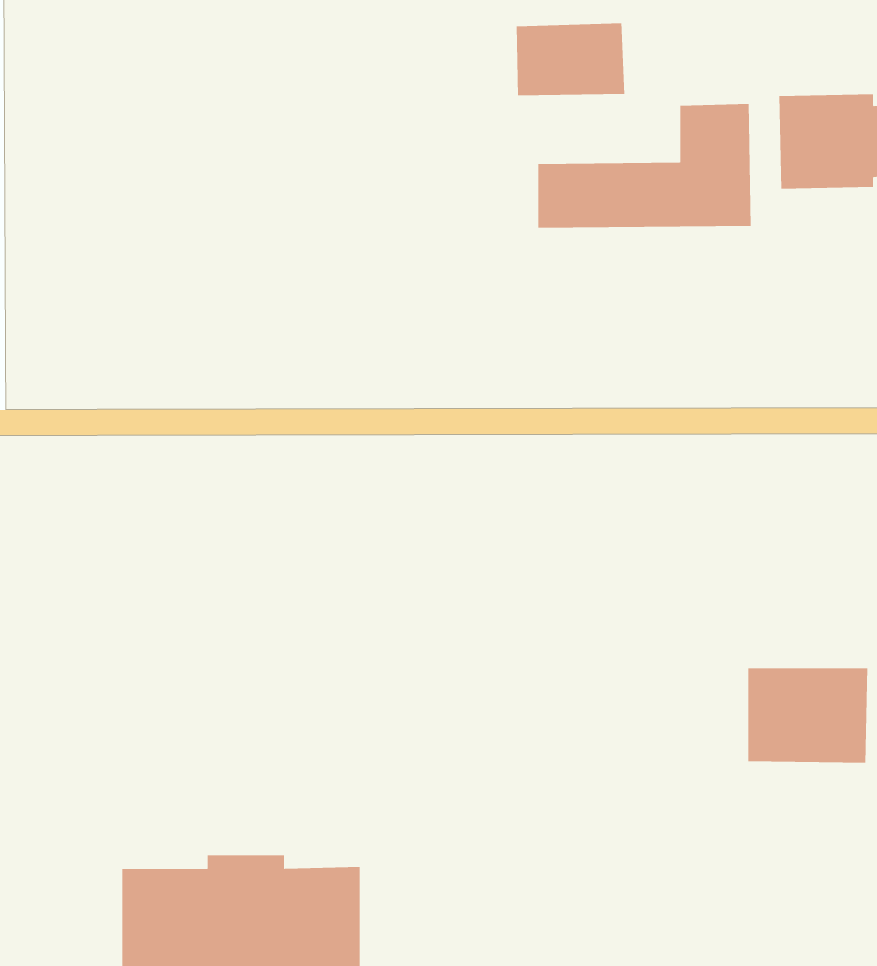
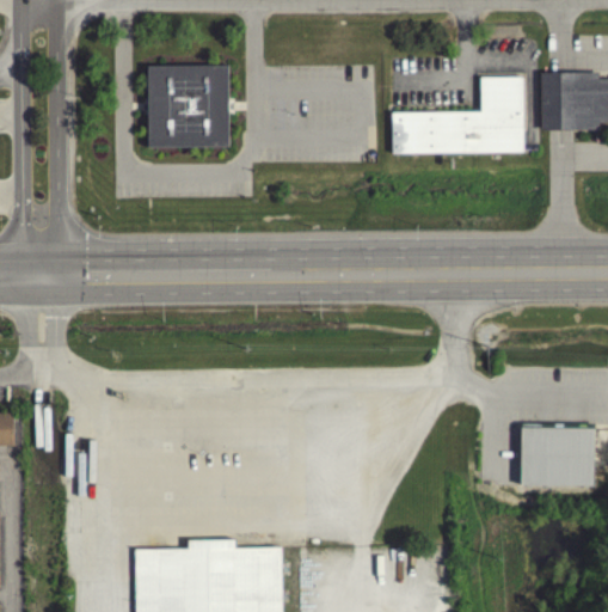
building: [516,23,625,96] -> none
building: none -> [148,67,229,148]

